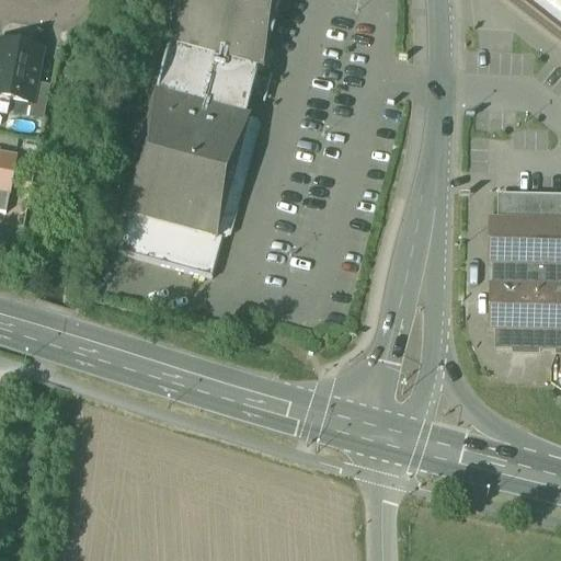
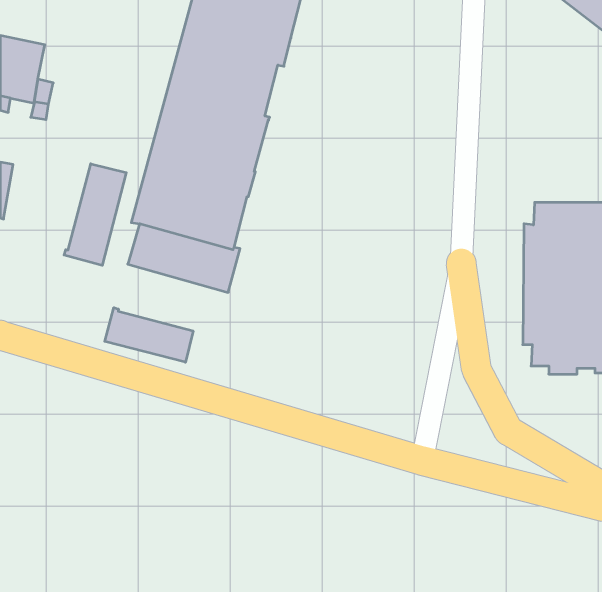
building: none -> [64,164,126,265]
building: none -> [105,308,193,362]

